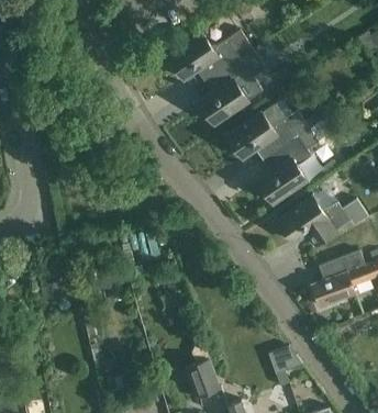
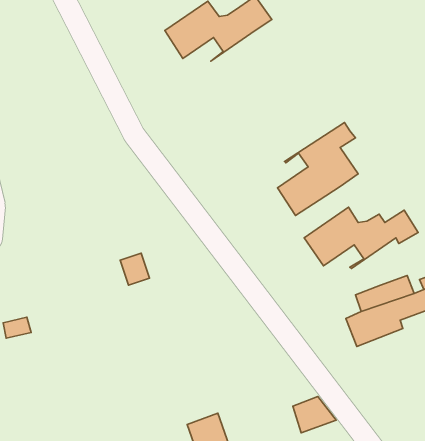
building: [199,49,265,125] -> none
building: [226,105,320,161] -> none

